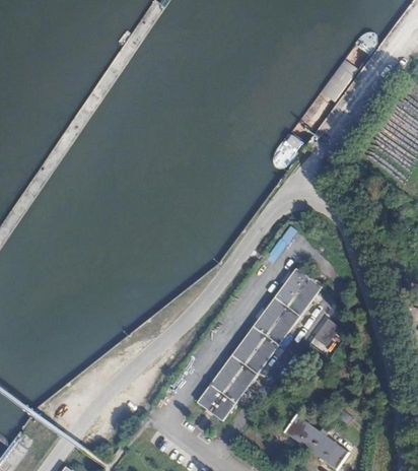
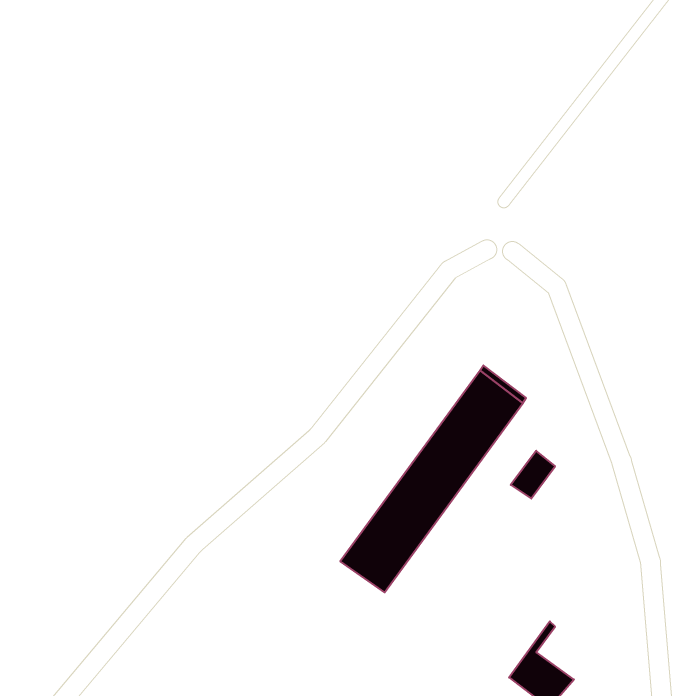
building: [197,384,236,420] -> none
building: [286,416,335,453] -> none

